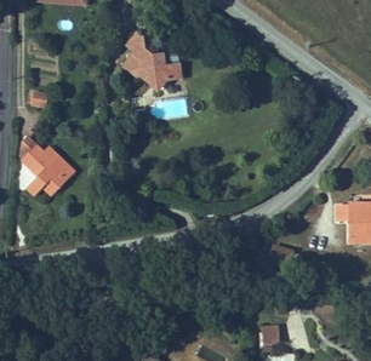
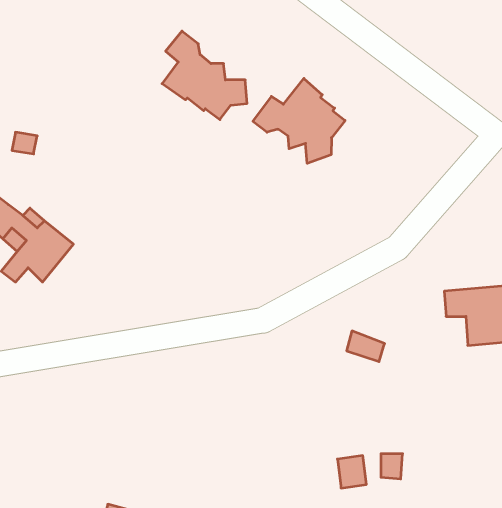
building: none -> [253,78,345,163]

